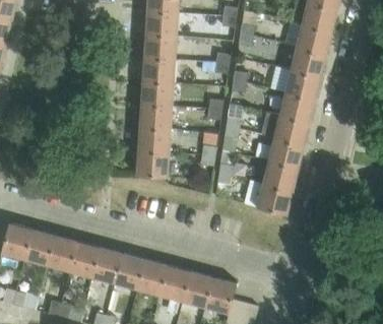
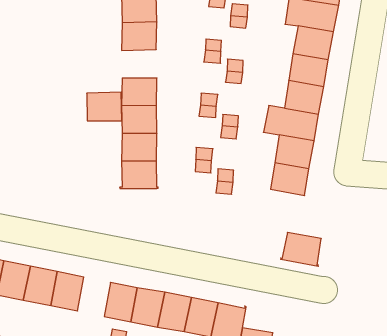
building: [143,58,174,83] -> [87,92,122,121]
building: [256,184,292,214] -> [281,232,321,266]
building: [92,248,122,282] -> none

